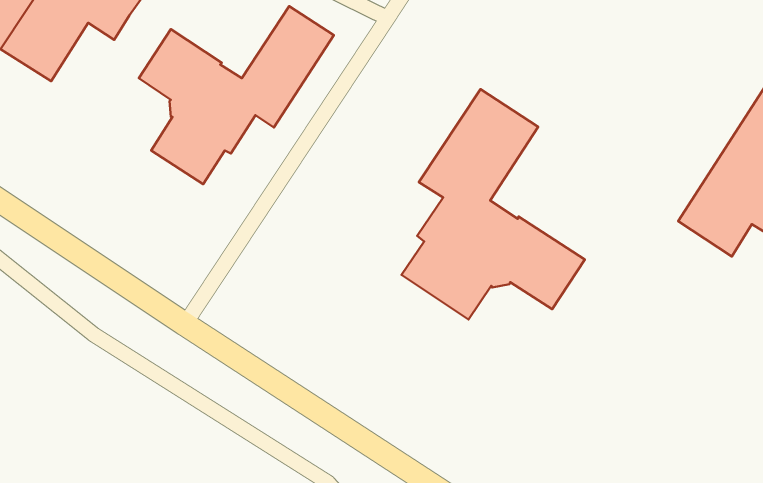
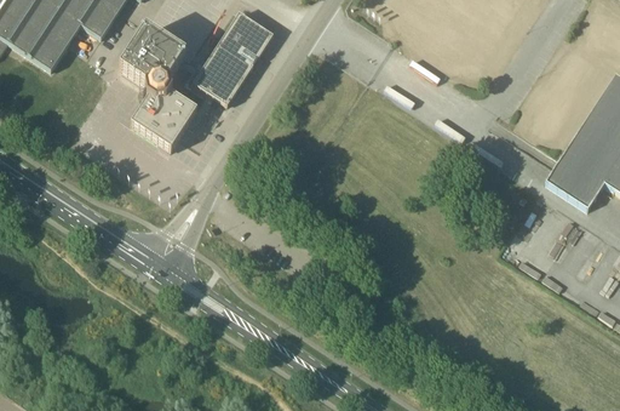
building: [401,89,585,319] -> none

